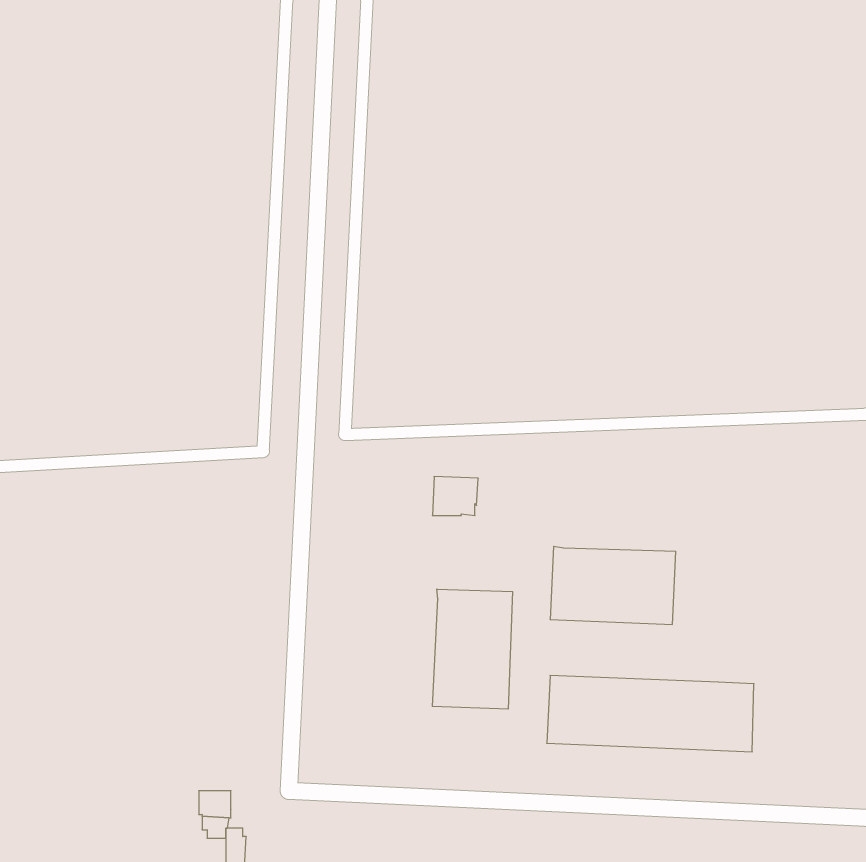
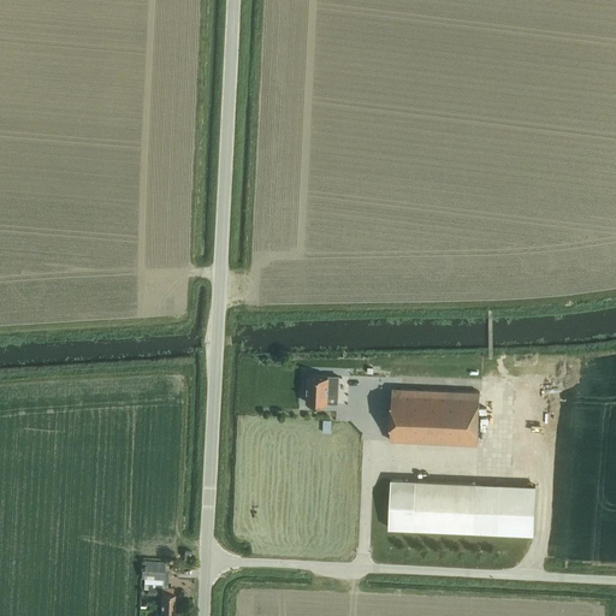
building: [432,477,478,516] -> [306,379,338,407]
building: [432,589,513,709] -> none

